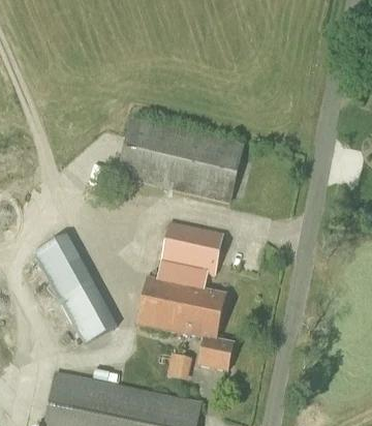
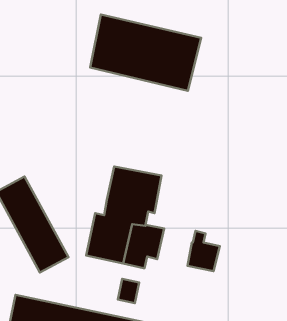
building: [118,116,246,204] -> [90,14,201,91]
building: [198,325,236,371] -> [187,231,220,271]

